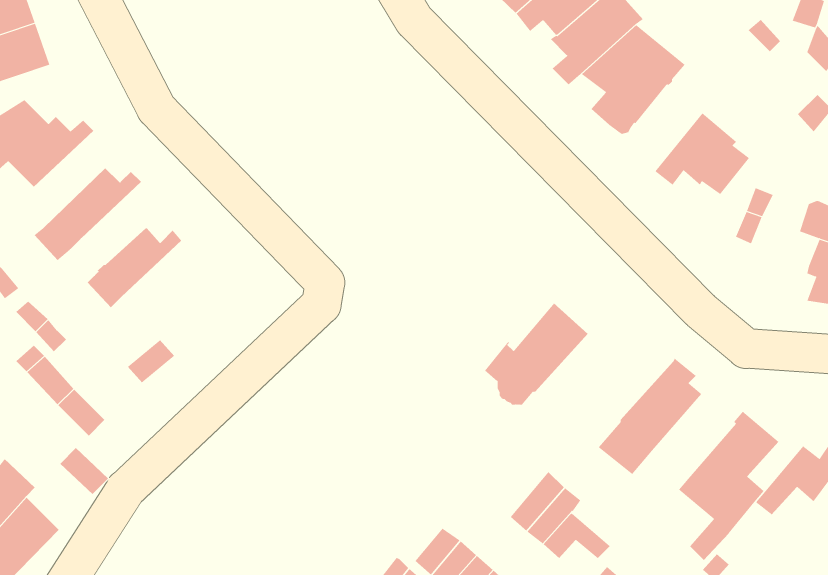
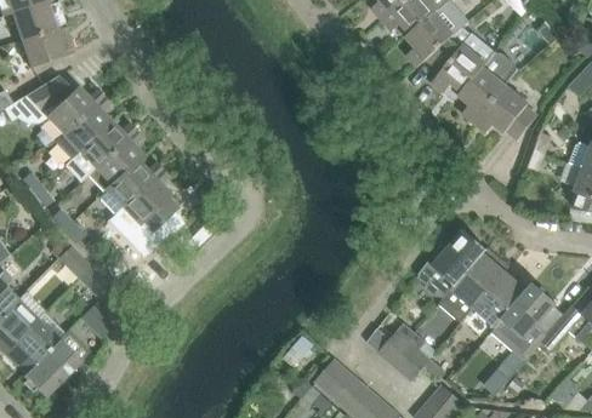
building: none -> [459,52,517,122]
building: none -> [53,96,110,160]
building: none -> [87,130,143,191]
building: none -> [121,168,178,230]
building: [484,303,589,405] -> [417,228,486,296]
building: none -> [473,270,528,326]

